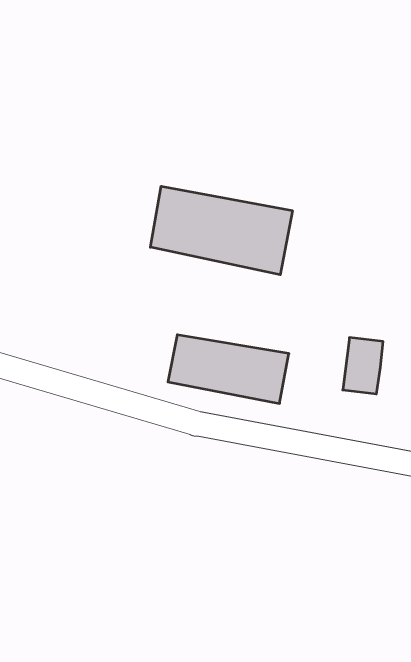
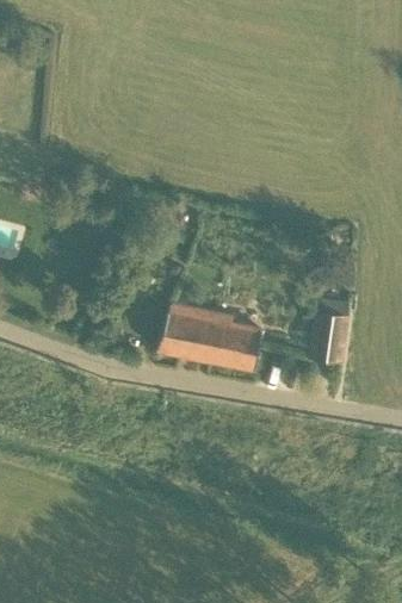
building: [150,186,292,275] -> none

